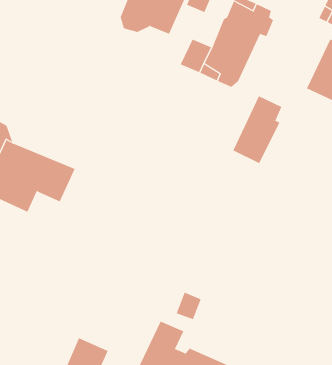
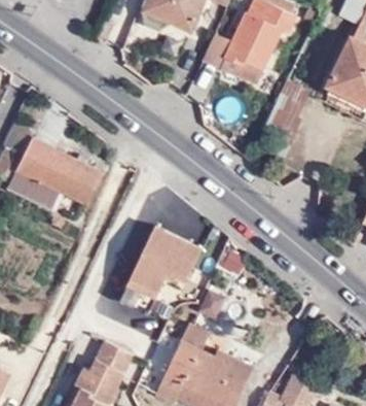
building: none -> [119,222,204,309]

